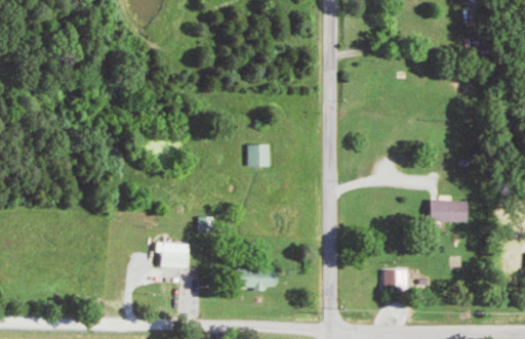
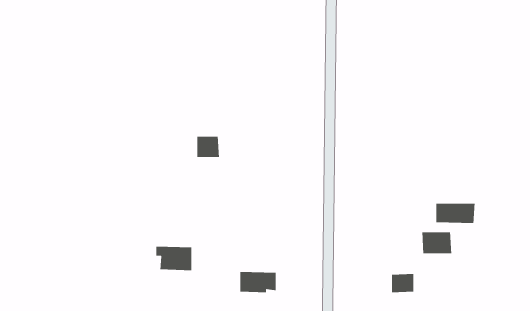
building: [247,144,270,166] -> [197,136,220,158]
building: none -> [421,232,452,254]

